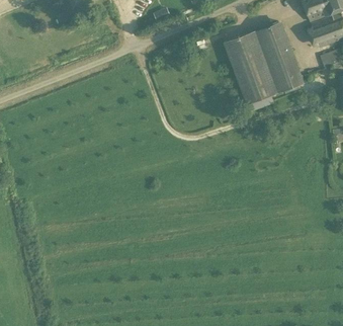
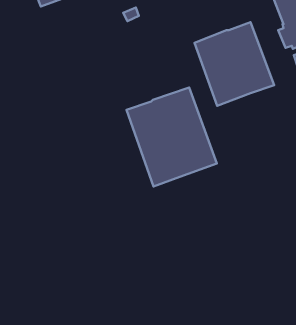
building: none -> [127,88,217,187]

